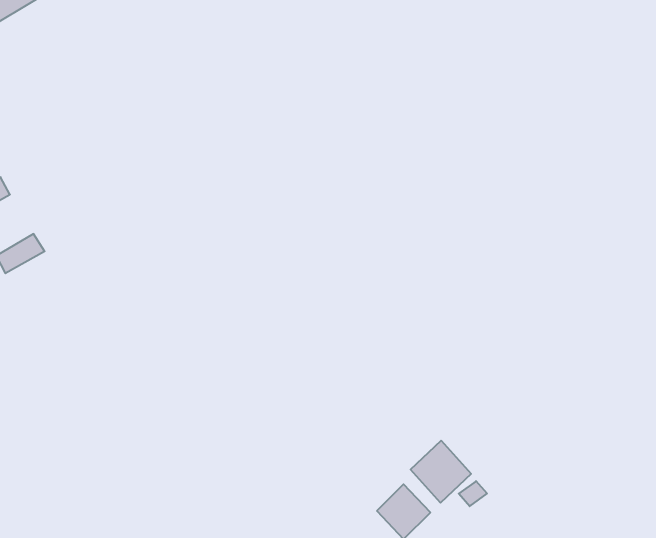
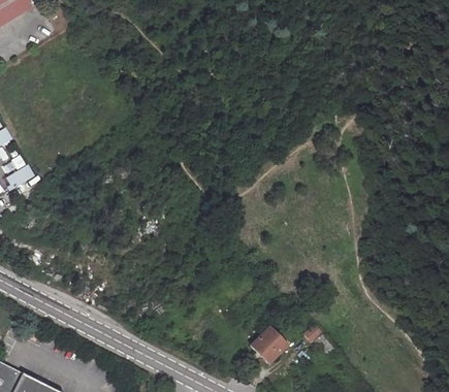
building: [411,441,471,503] -> none

